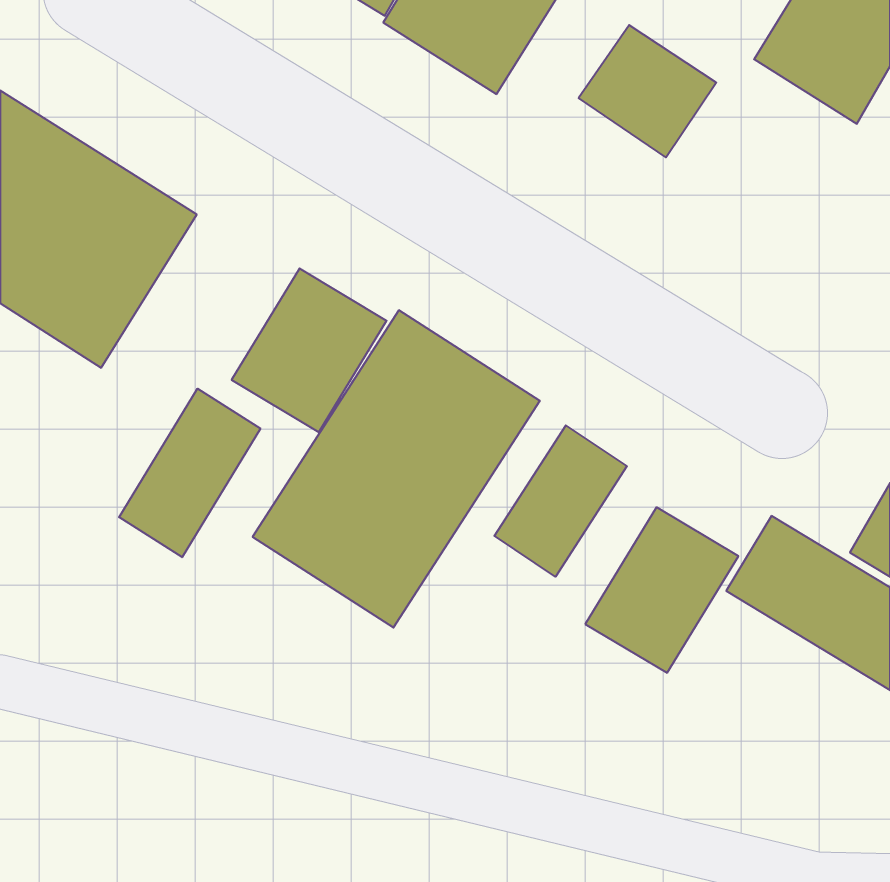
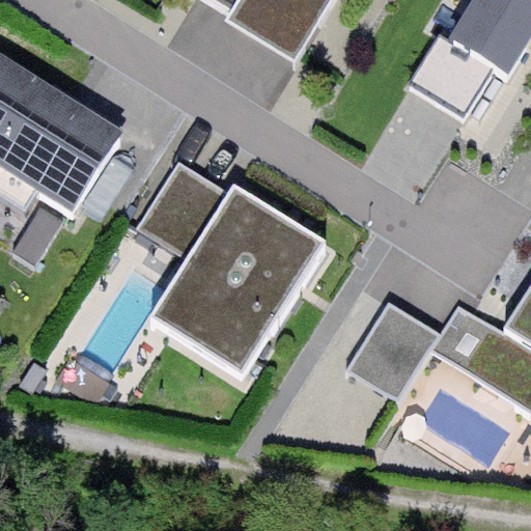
building: [579,25,716,157] -> [413,37,495,116]
building: [119,389,260,557] -> none
building: [494,425,627,577] -> none

